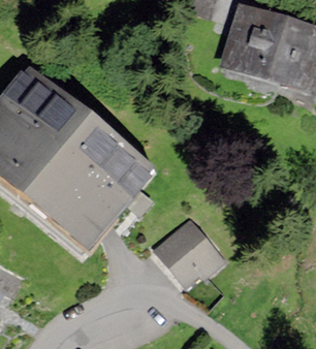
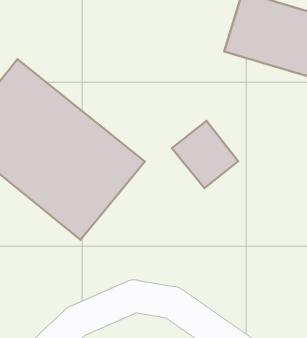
building: [156,219,219,283] -> [172,121,238,188]

